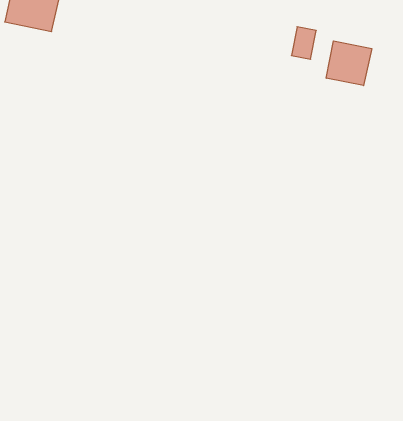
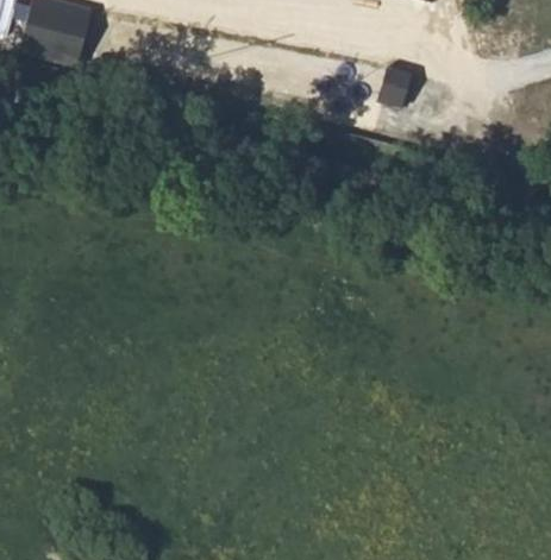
building: [326,41,372,86] -> none

